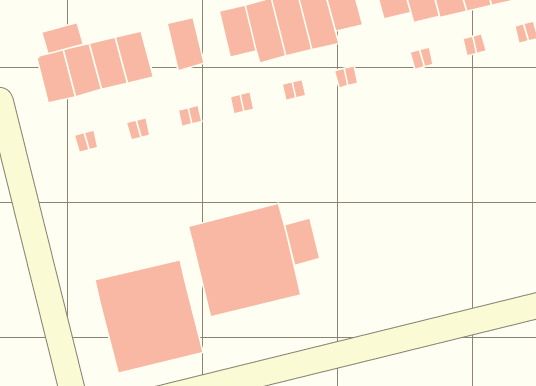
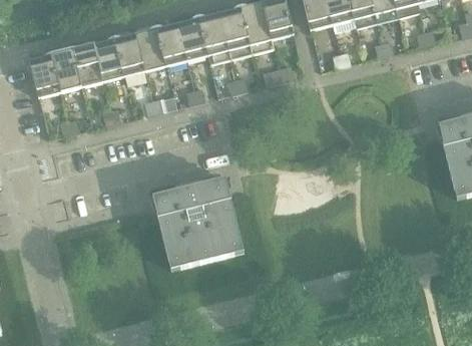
building: none -> [156,21,186,63]
building: [41,23,83,54] -> none
building: none -> [114,31,144,74]
building: [285,218,320,265] -> none
building: [95,260,203,373] -> none

